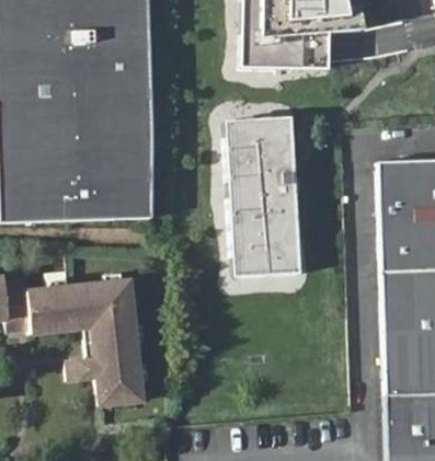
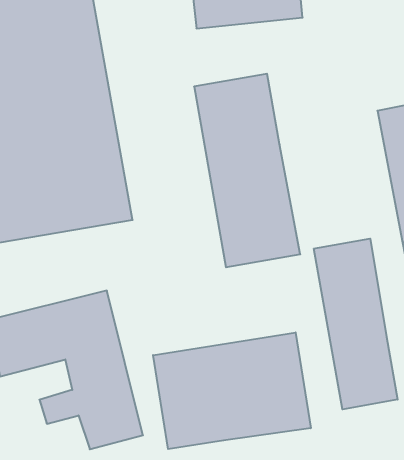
building: none -> [314,239,398,409]
building: none -> [153,332,311,449]

